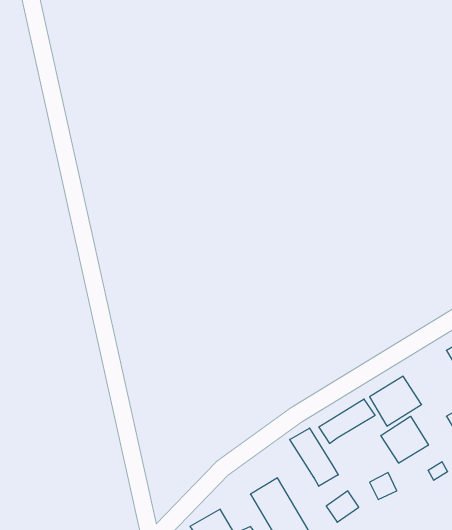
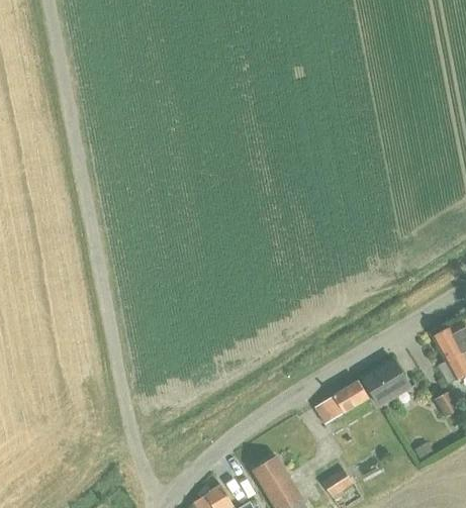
building: [381,416,428,463] -> none
building: [290,428,338,486] -> none

